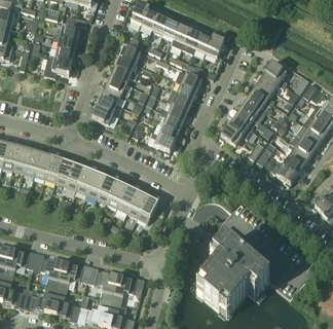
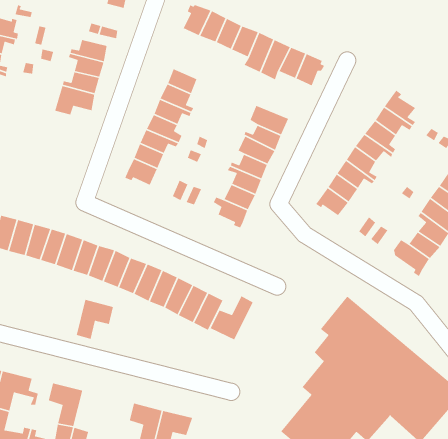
building: none -> [209,295,254,341]
building: [57,263,82,291] -> [76,299,114,340]

